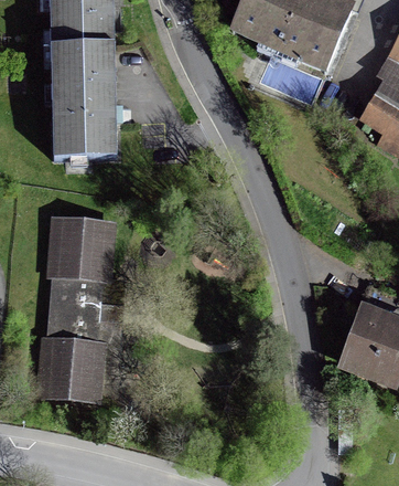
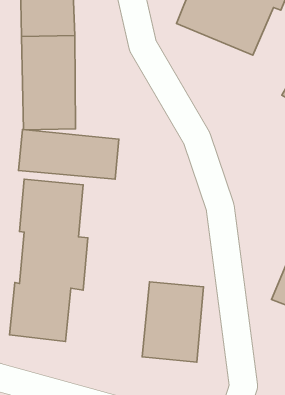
building: none -> [18,130,119,179]
building: none -> [142,282,203,362]

